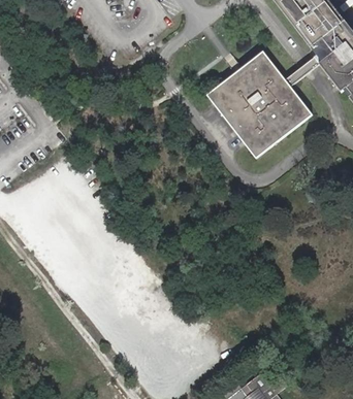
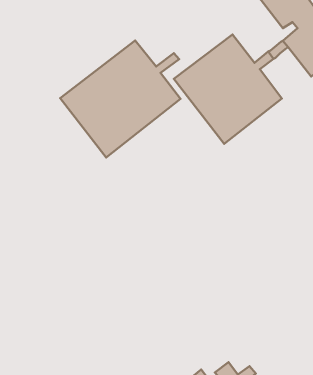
building: none -> [60,41,181,158]

